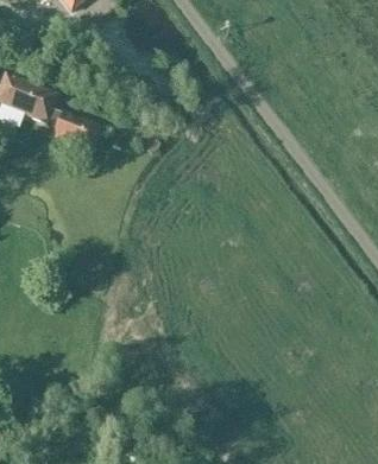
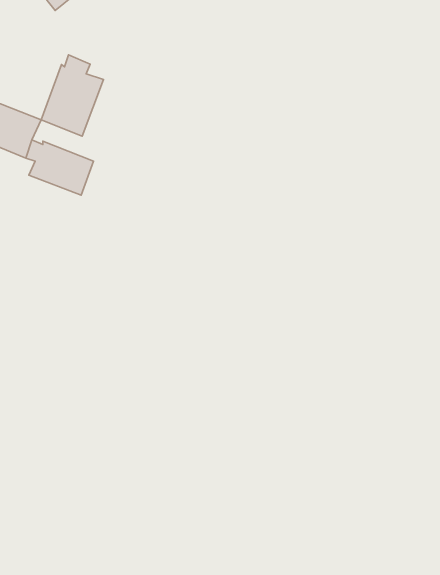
building: none -> [41,55,104,136]

